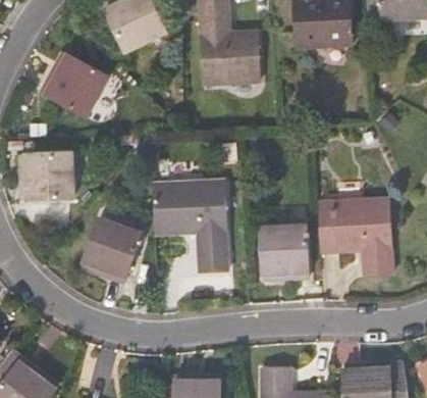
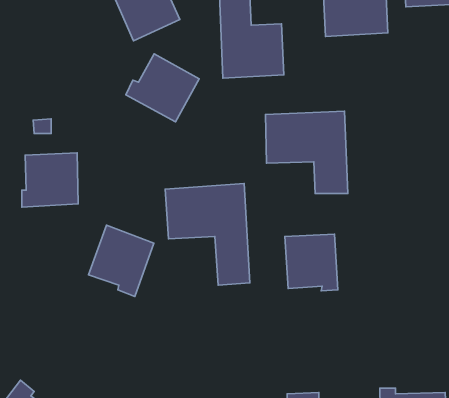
building: [43,53,109,114] -> [126,54,199,122]
building: [318,199,392,273] -> [265,111,348,194]

